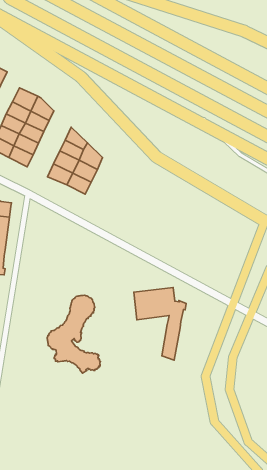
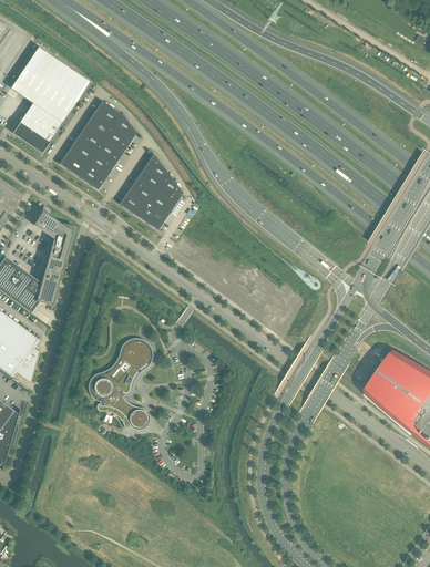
building: [134,287,186,360] -> none

